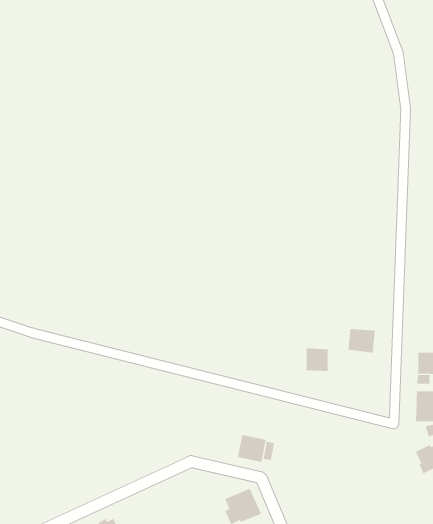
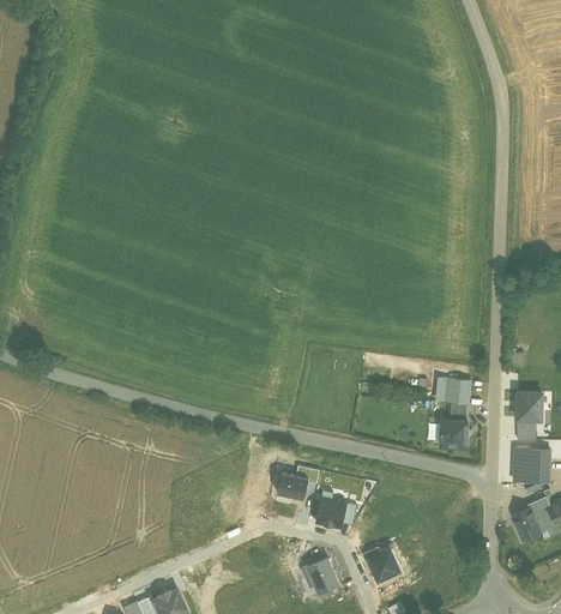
building: [305,348,328,372] -> [440,421,466,447]
building: none -> [276,472,309,499]
building: none -> [363,547,403,584]

